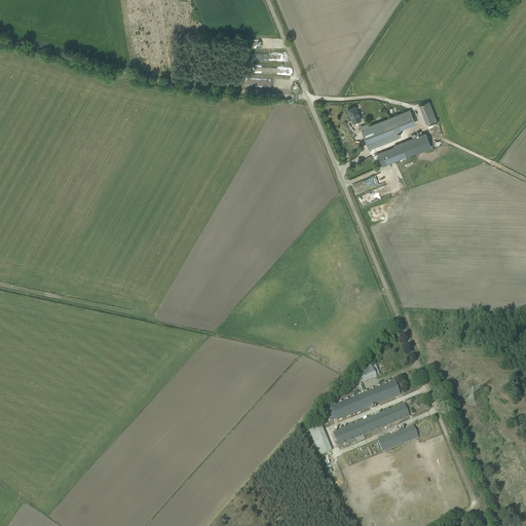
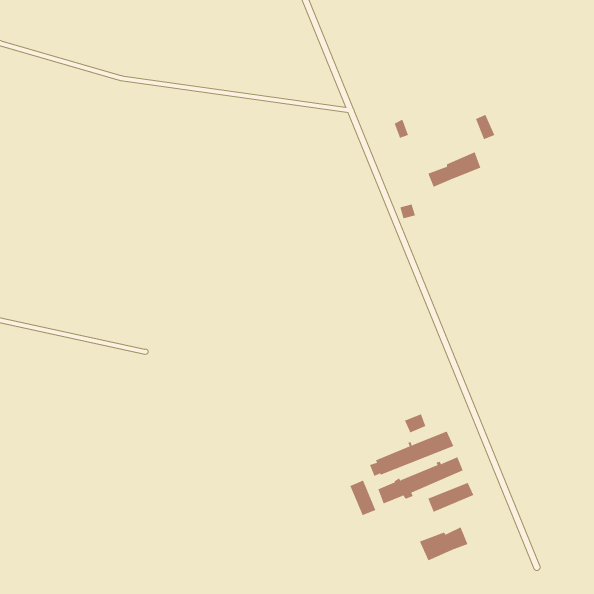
building: [364,109,415,149] -> none
building: none -> [419,527,468,561]

